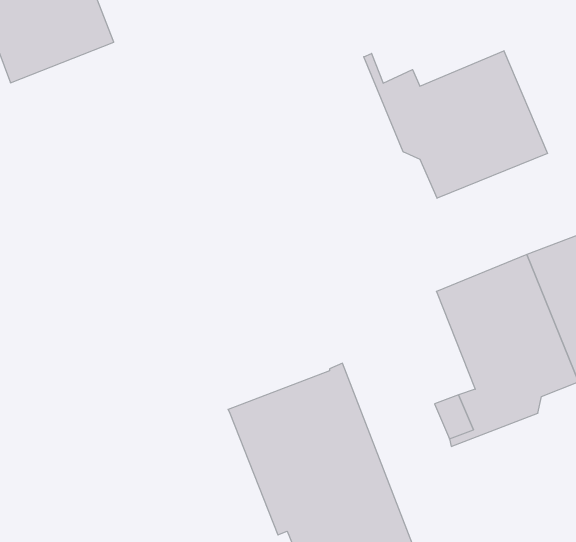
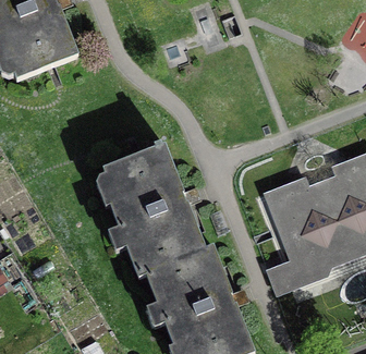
building: [364,51,548,198] -> none
building: none -> [101,146,204,279]

